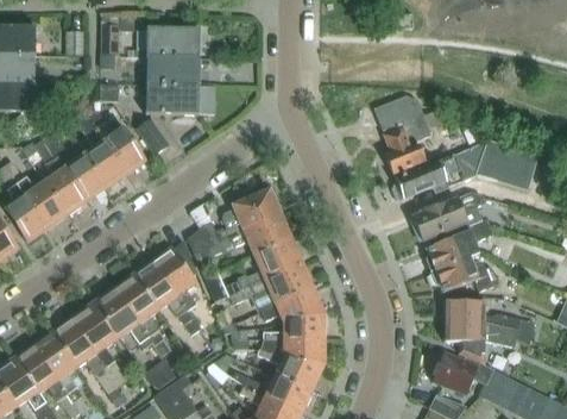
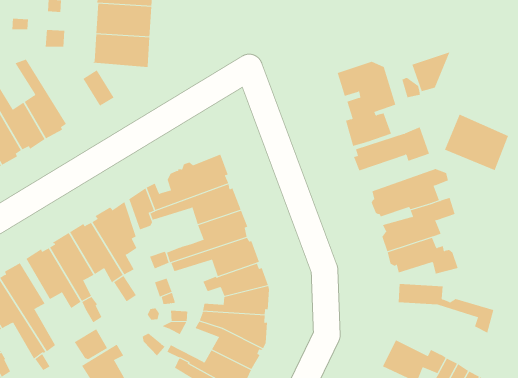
building: [84,108,146,171] -> none
building: [455,139,491,179] -> [411,52,450,92]
building: [445,319,519,364] -> none

